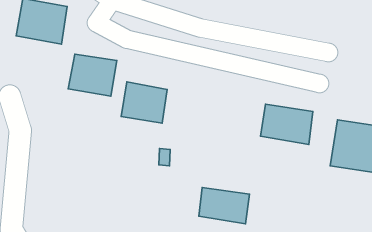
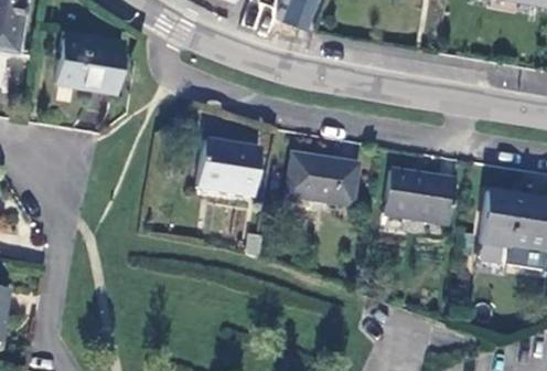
building: [68,54,117,96] -> none
building: [199,188,250,224] -> [289,158,357,206]

